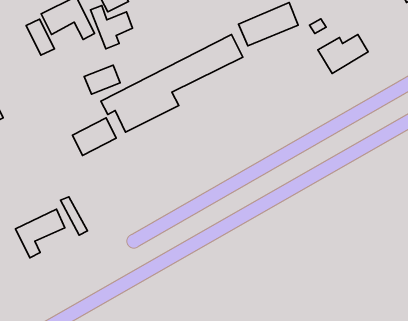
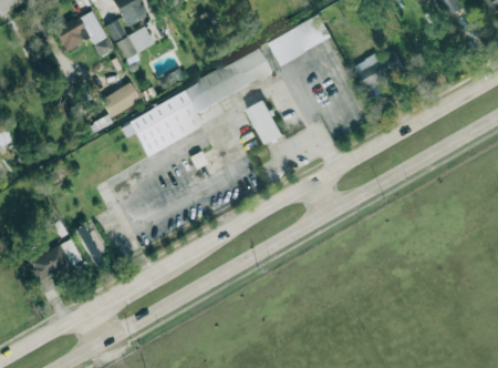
building: [26,19,54,55] -> none
building: none -> [247,100,283,145]
building: [72,118,116,156] -> none

